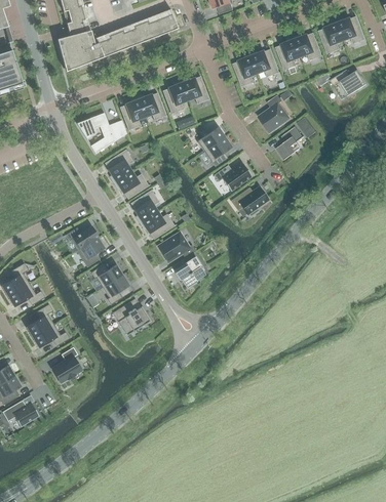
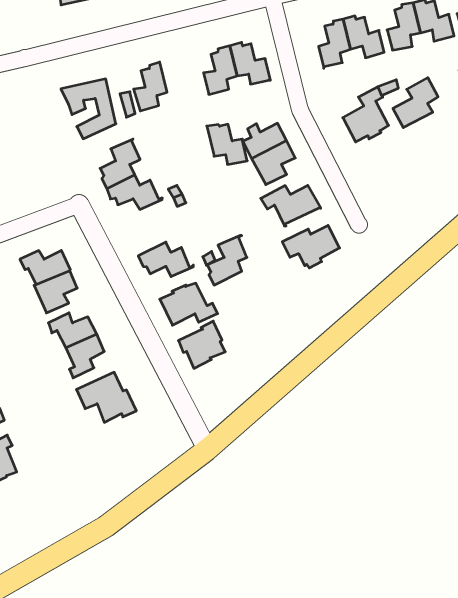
building: [138,94,166,120] -> [207,124,247,164]
building: [275,126,303,160] -> [393,78,438,128]
building: [134,189,159,222] -> [207,235,247,285]

